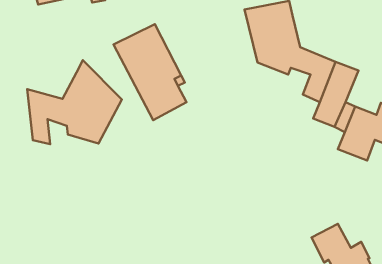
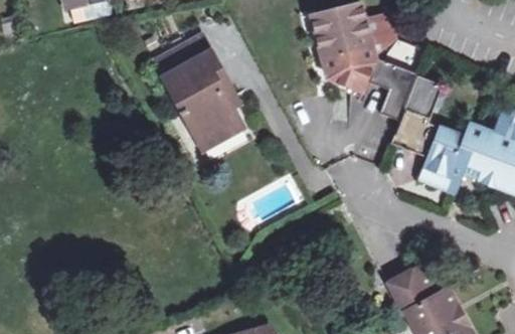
building: none -> [365,17,395,58]
building: [27,60,122,144] -> none

